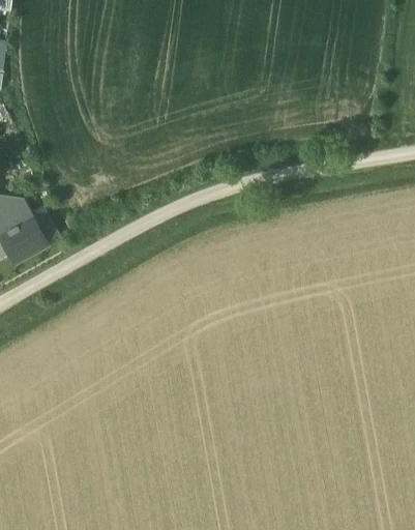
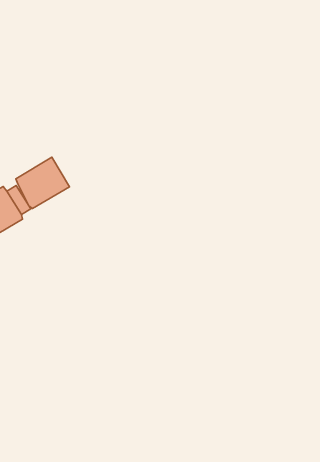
building: none -> [16,157,69,208]

